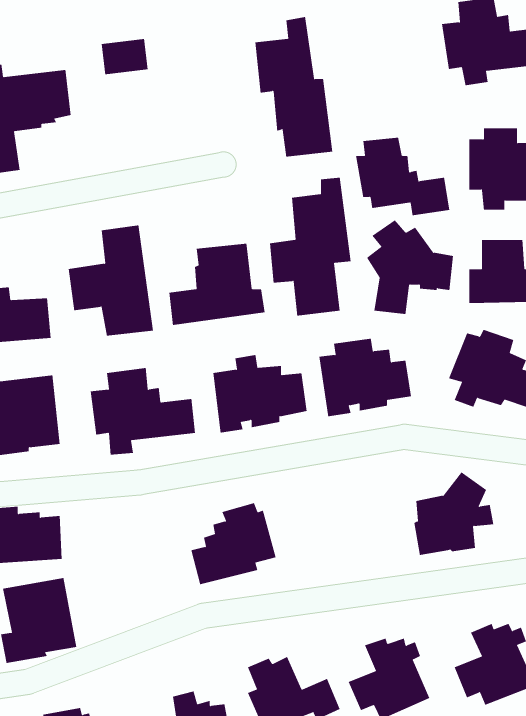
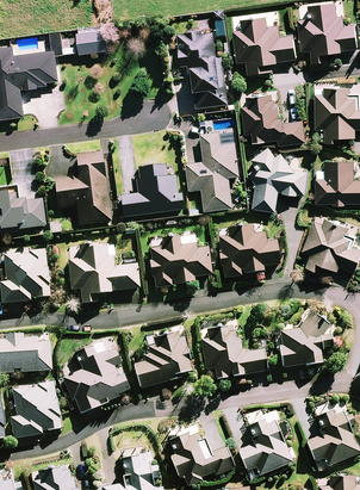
building: none -> [234,14,296,72]
building: none -> [201,325,267,378]
building: none -> [62,346,129,413]

